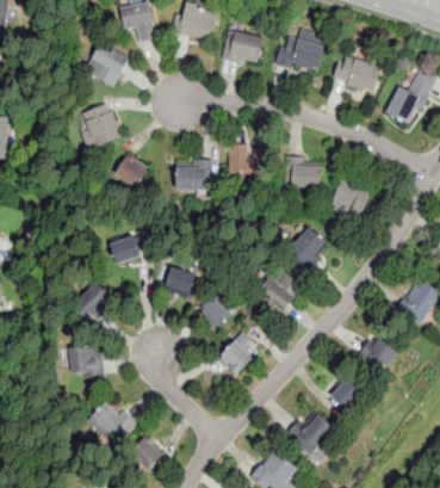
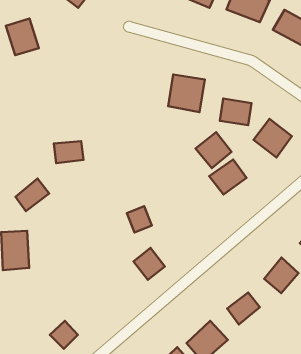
building: [81,104,122,147] -> [6,19,39,55]
building: [112,156,147,189] -> none
building: [174,163,209,190] -> none
building: [163,265,196,296] -> none
building: [261,268,302,309] -> [195,132,231,168]
building: [87,401,132,445] -> none

